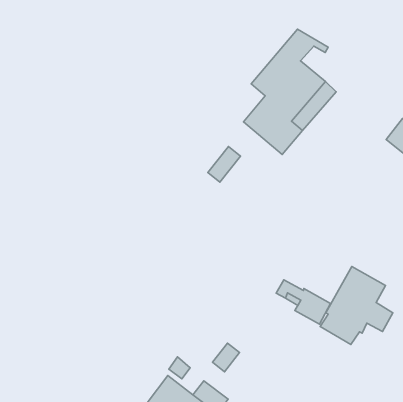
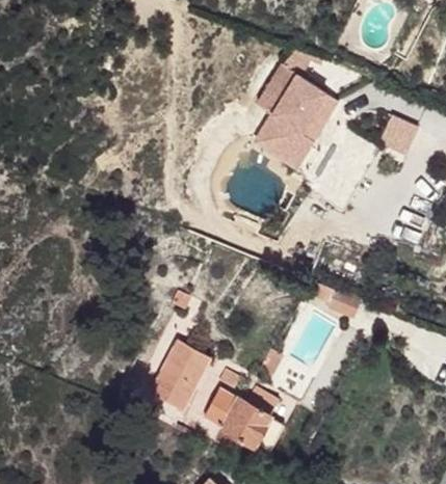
building: [320,267,393,345] -> none
building: none -> [150,340,209,408]

